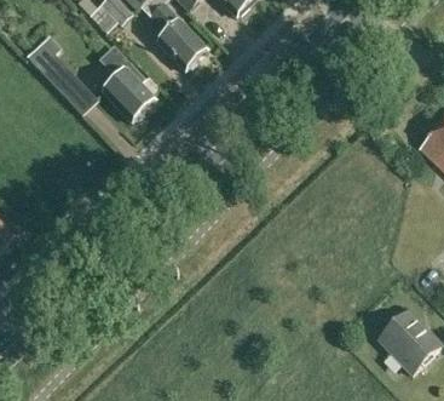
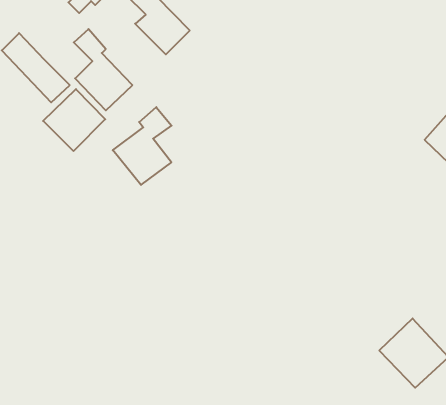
building: none -> [43,89,105,151]
building: none -> [113,107,172,185]

